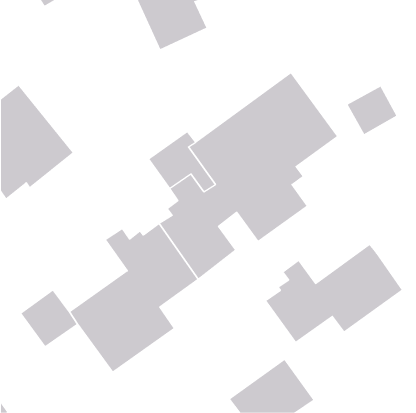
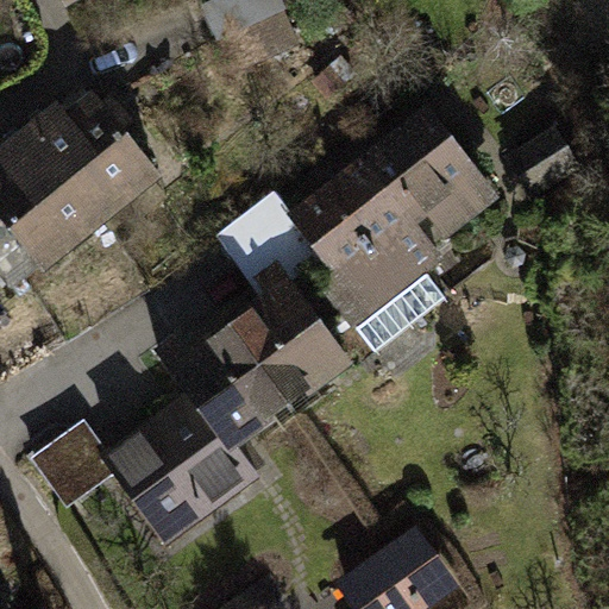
building: none -> [29,93,162,222]
building: [265,244,402,342] -> none

